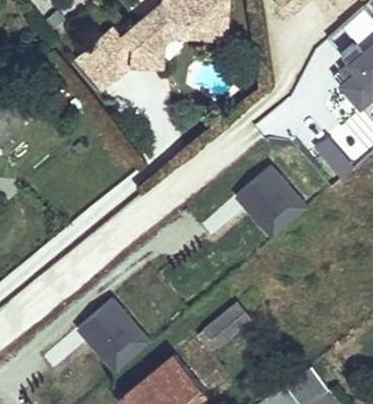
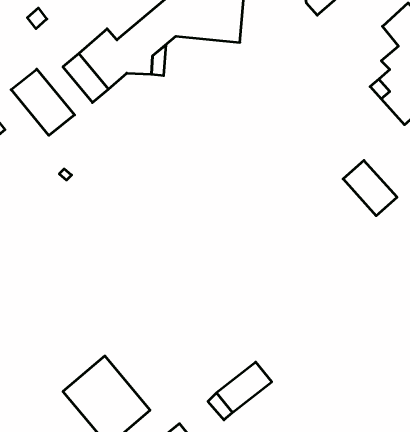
building: none -> [11,69,75,135]
building: [237,166,307,239] -> none

